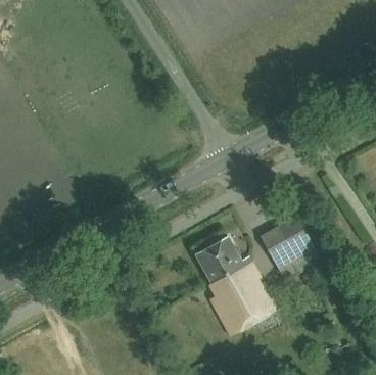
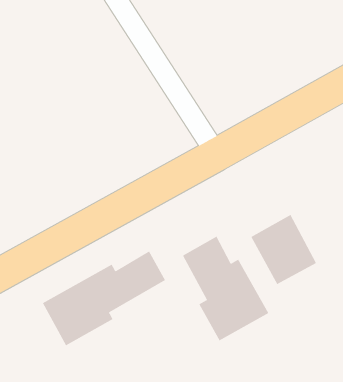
building: none -> [42,251,166,346]

